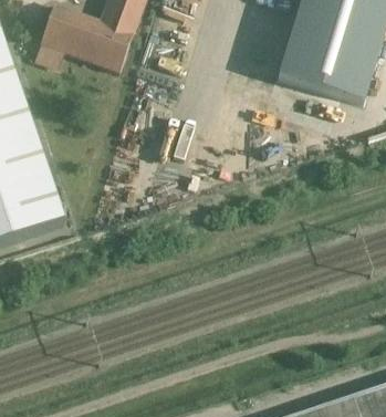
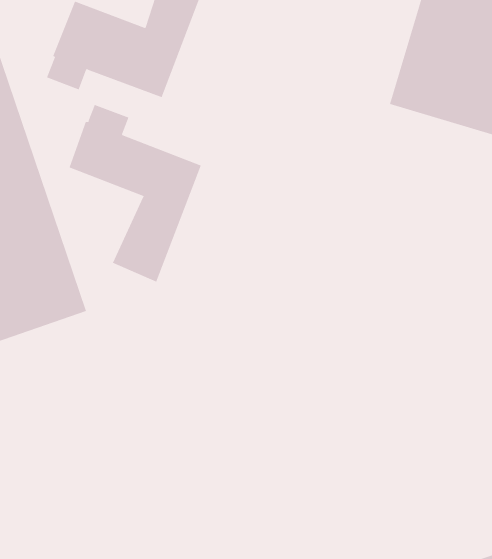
building: none -> [69,104,201,282]

